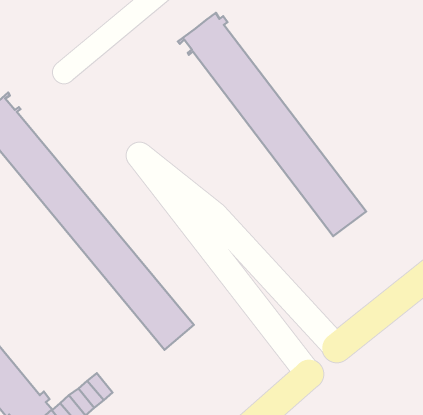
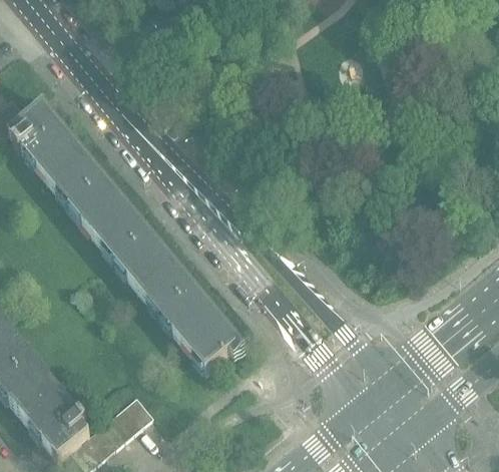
building: [178,13,366,236] -> none

